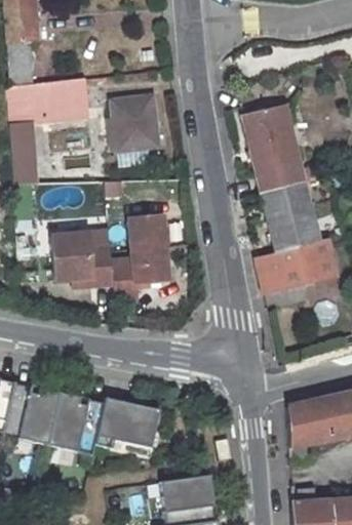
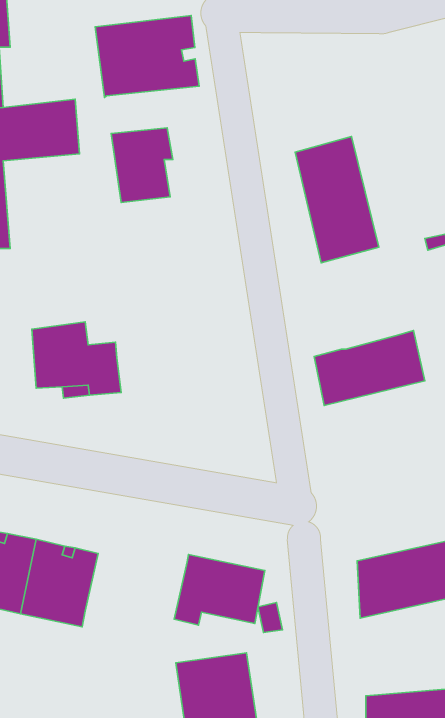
building: none -> [95,15,199,97]
building: [262,181,317,255] -> none
building: [116,218,172,301] -> none
building: [93,396,158,446] -> [174,555,265,625]

